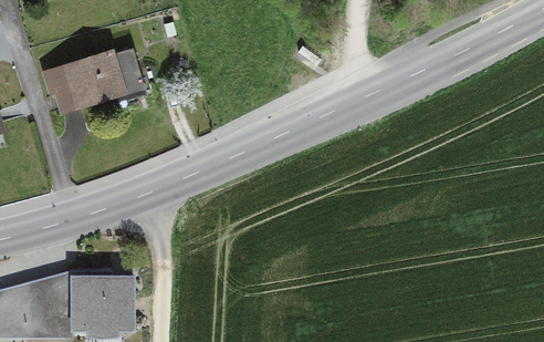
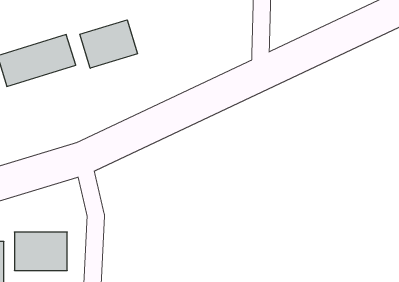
building: none -> [80,20,137,68]

